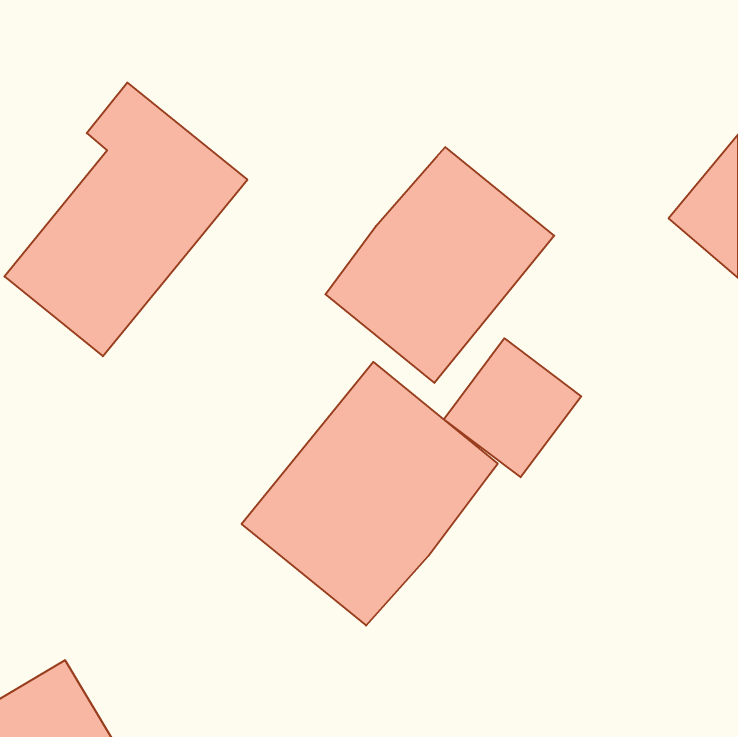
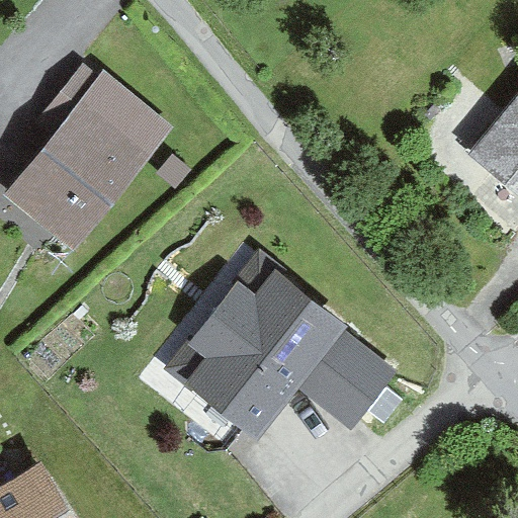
building: [325,147,554,383] -> none
building: [444,338,581,477] -> [299,334,396,431]

